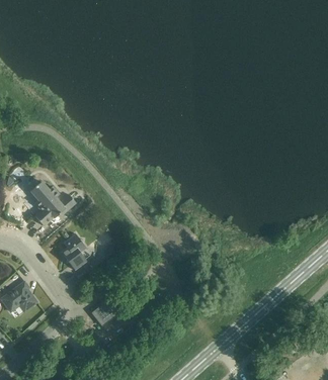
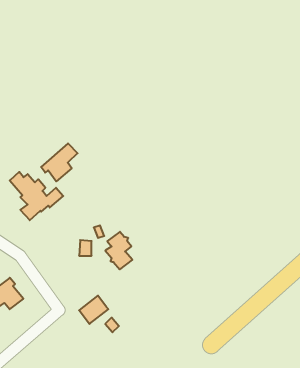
building: none -> [41,143,78,181]
building: [60,233,86,270] -> [105,232,132,269]

